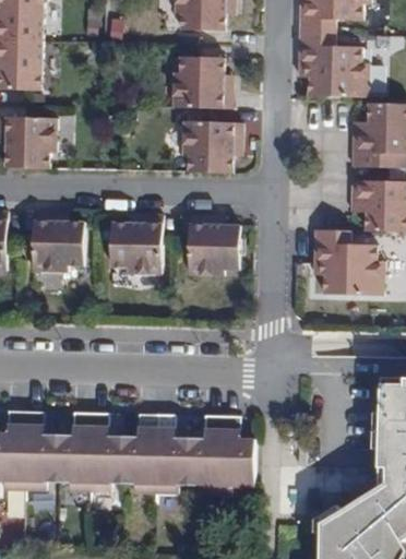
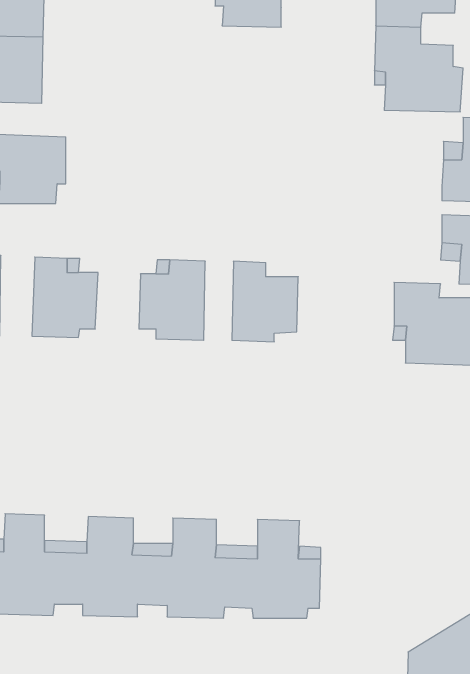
building: [171,57,234,109] -> none
building: [180,123,242,173] -> none

